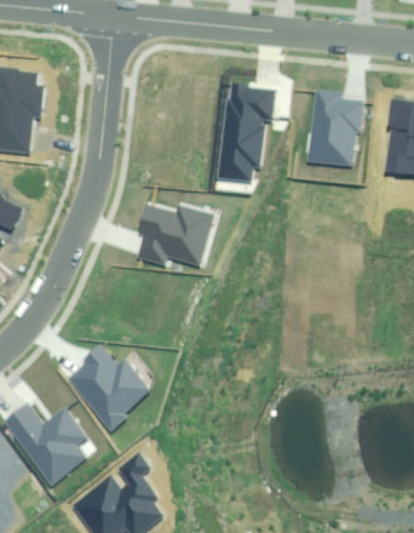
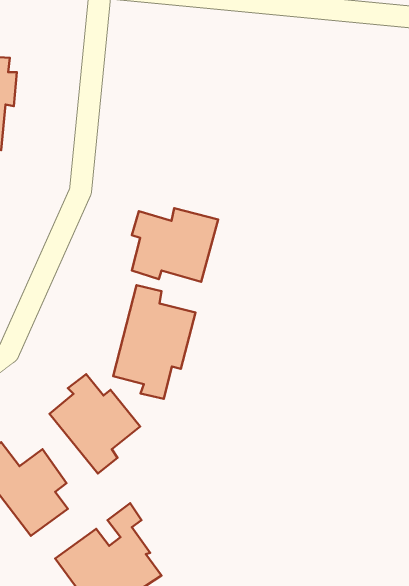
building: [220,82,274,180] -> none
building: [307,88,362,167] -> none
building: none -> [113,285,195,399]

